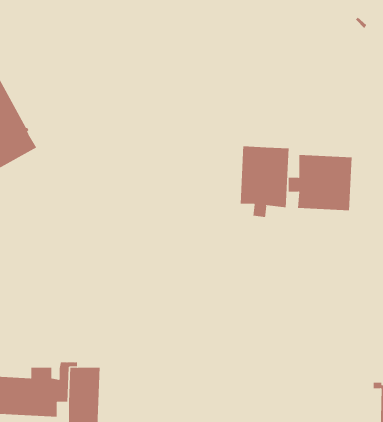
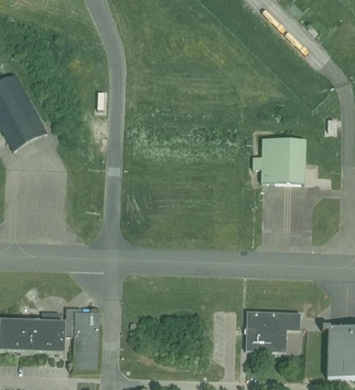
building: [240,146,289,218] -> none
building: none -> [245,310,300,351]

